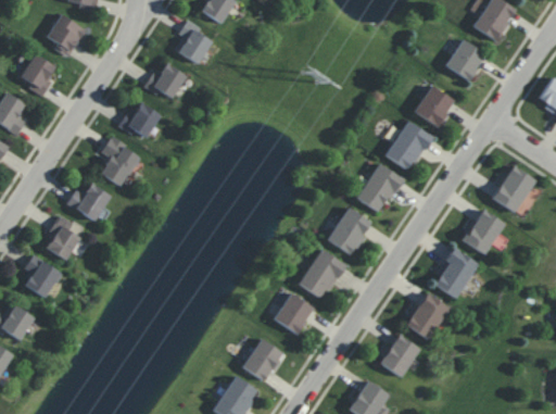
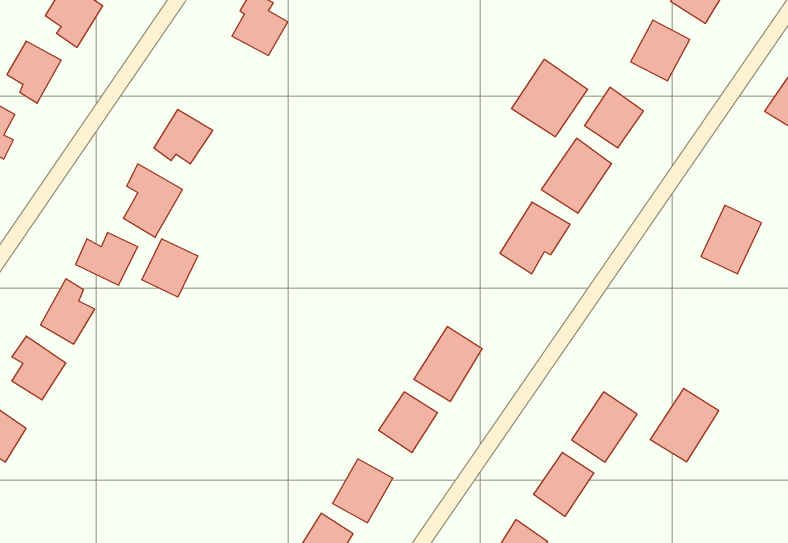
building: [144,64,186,101] -> none
building: none -> [511,59,588,137]
building: none -> [142,239,198,297]
building: [328,208,371,255] -> none
building: [463,210,505,255] -> none
building: [431,249,478,299] -> [650,388,719,462]

